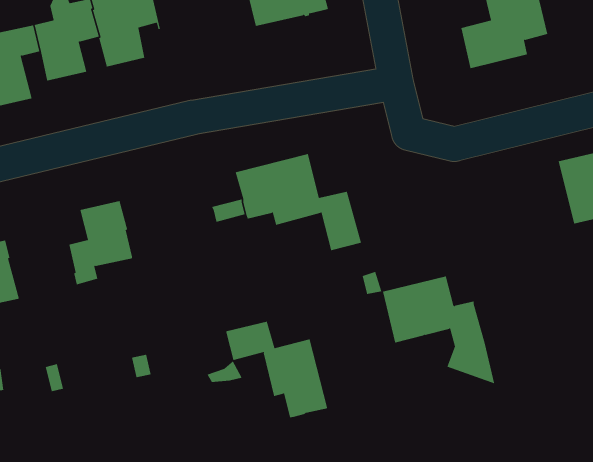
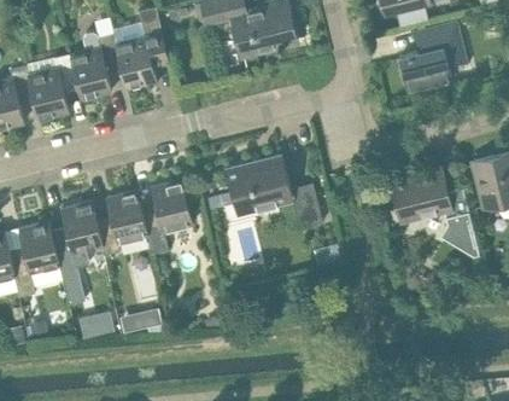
building: none -> [141,180,192,255]
building: none -> [51,202,101,277]
building: [382,276,495,384] -> [391,169,478,252]
building: [225,321,328,418] -> none

